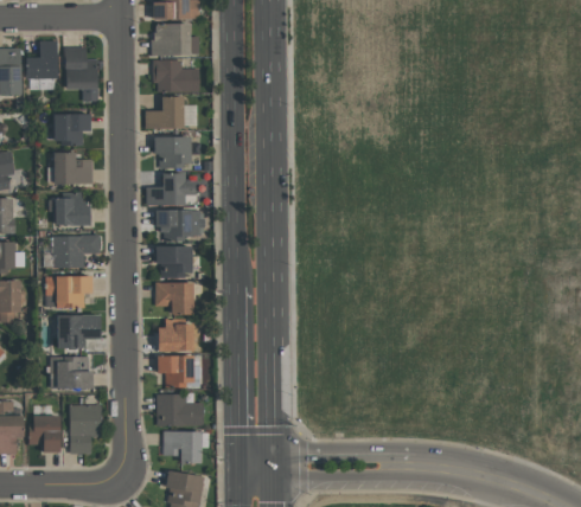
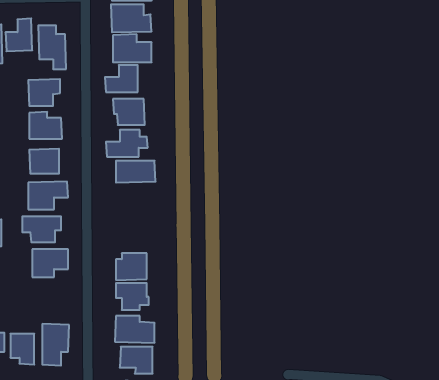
building: [158,245,193,276] -> none
building: [155,282,194,314] -> none
building: [51,355,94,389] -> none

